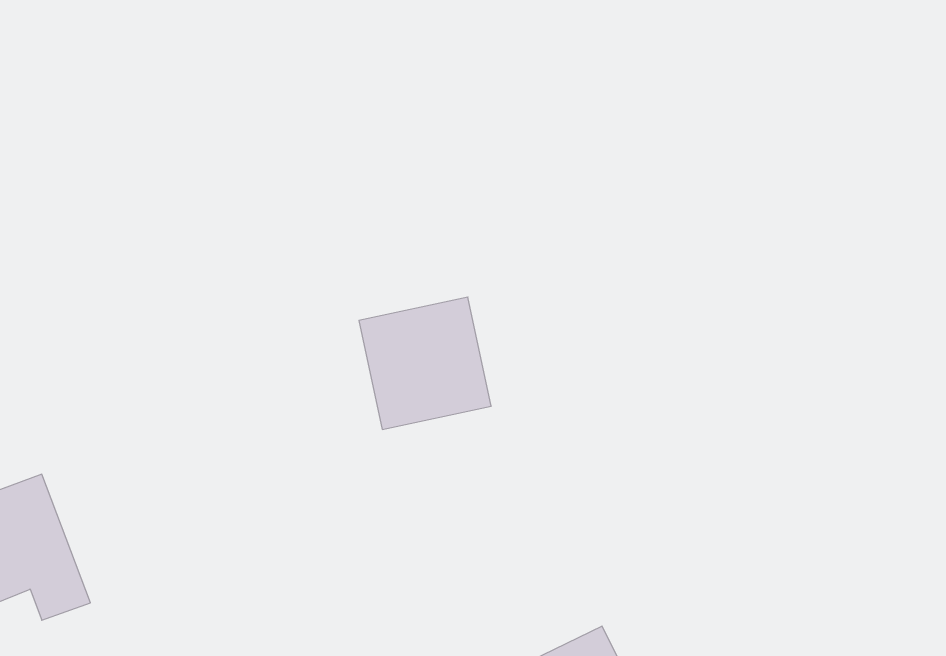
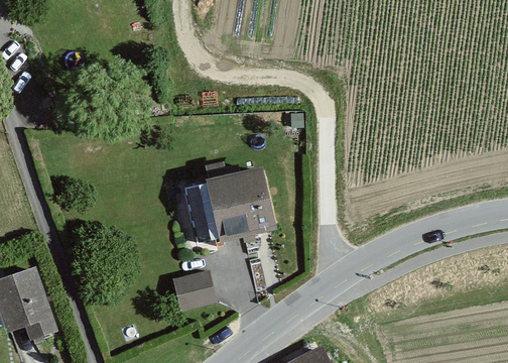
building: none -> [171,268,216,313]

